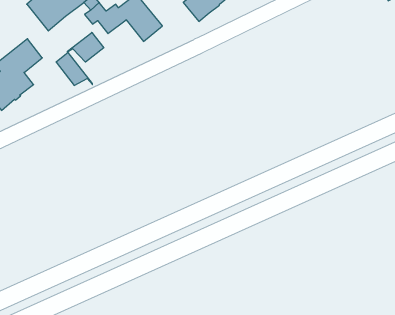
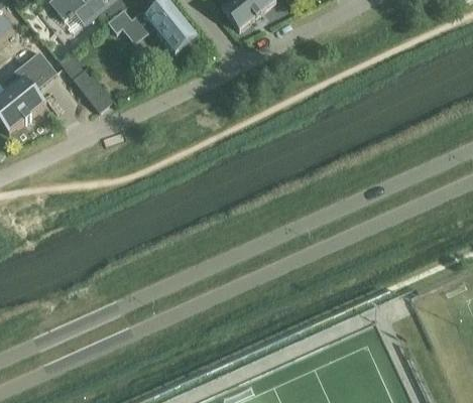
building: [67,32,104,62] -> none

